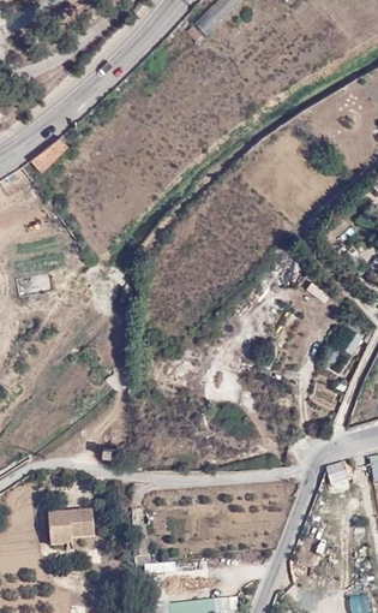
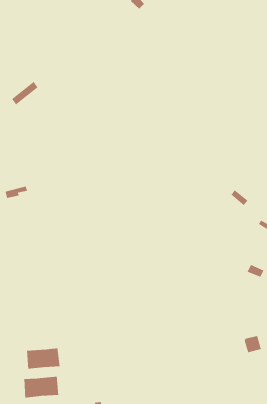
building: none -> [26,348,60,370]

